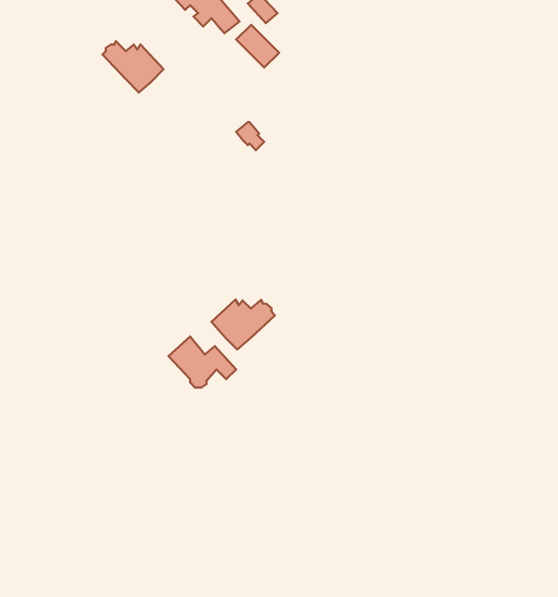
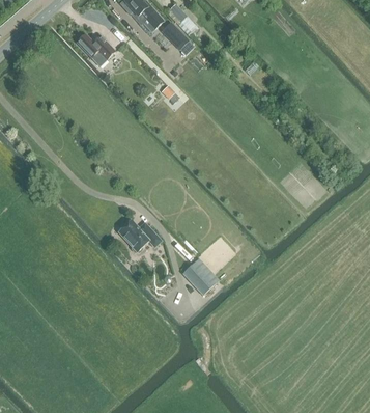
building: [211,300,275,349] -> none
building: none -> [182,260,216,294]

